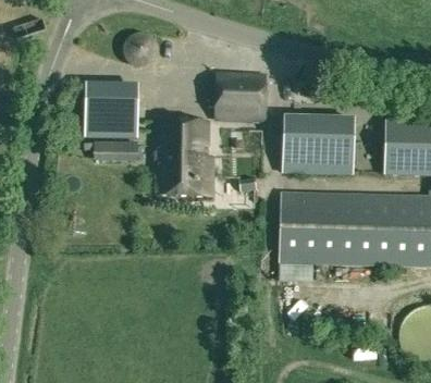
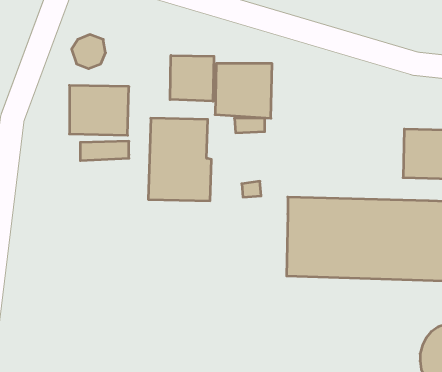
building: [123,33,153,63] -> [72,35,106,69]
building: none -> [170,55,214,101]
building: [281,115,355,173] -> none

